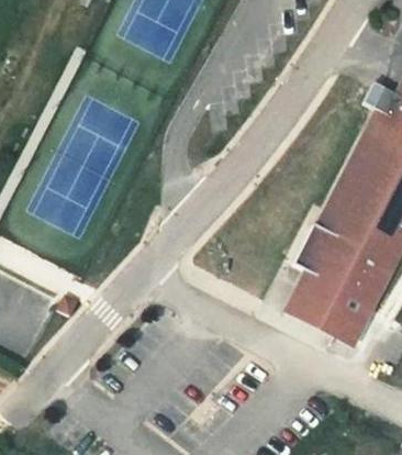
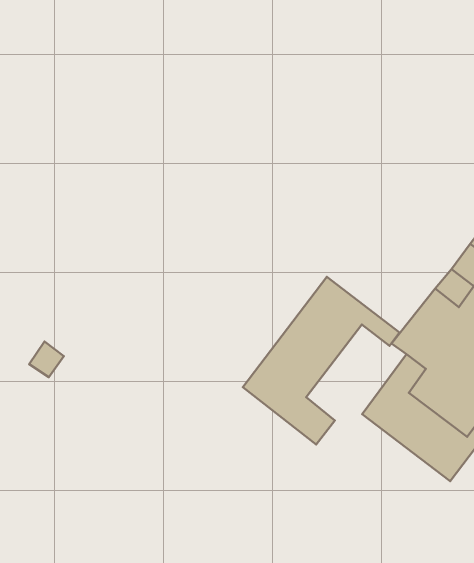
building: none -> [243,277,399,445]

